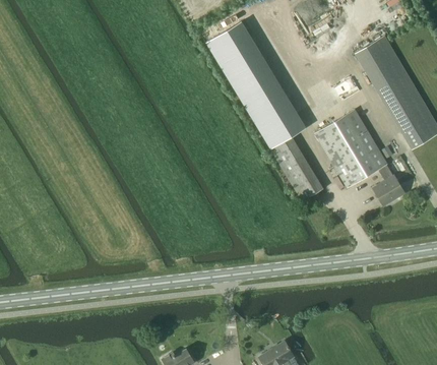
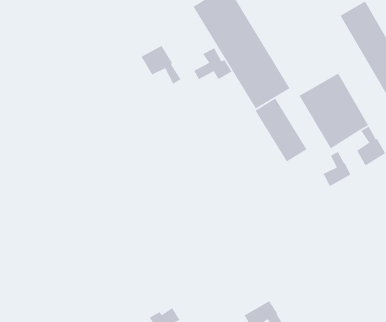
building: none -> [140,45,181,85]
building: none -> [193,47,232,80]
building: none -> [322,151,351,187]

